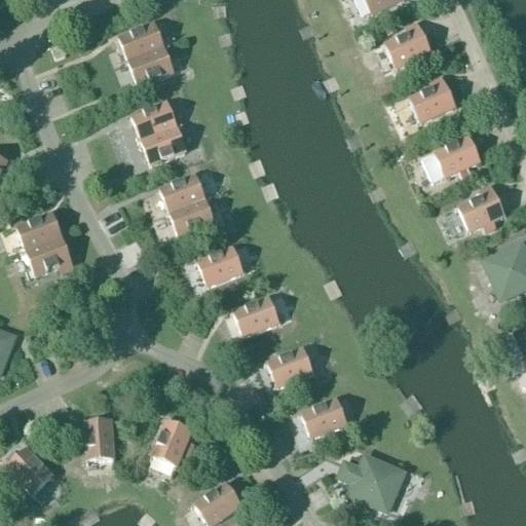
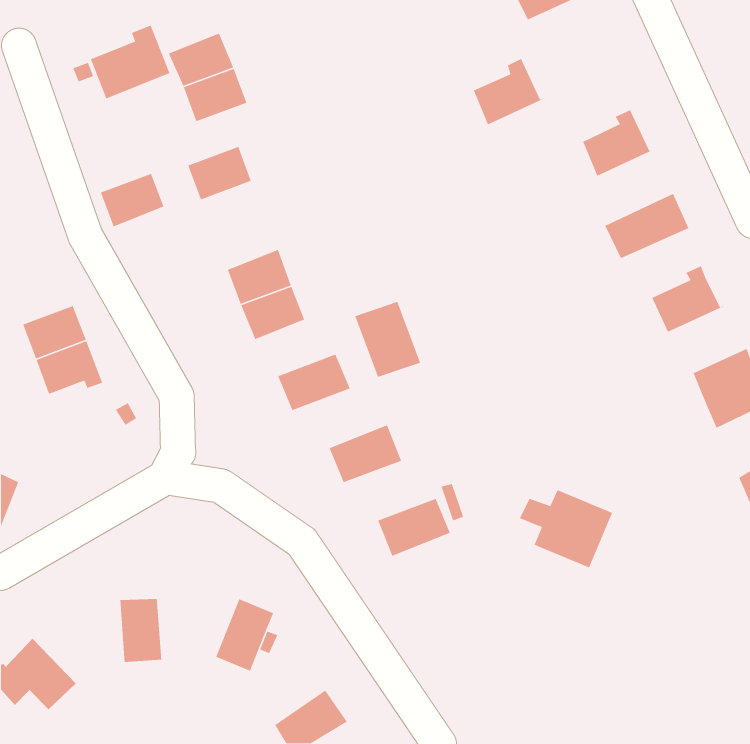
building: none -> [90,24,170,99]
building: [383,22,434,69] -> [473,58,545,125]
building: [142,126,187,164] -> [100,173,165,227]
building: none -> [354,301,421,378]
building: [299,398,350,439] -> none
building: [339,455,405,511] -> [519,489,613,569]

